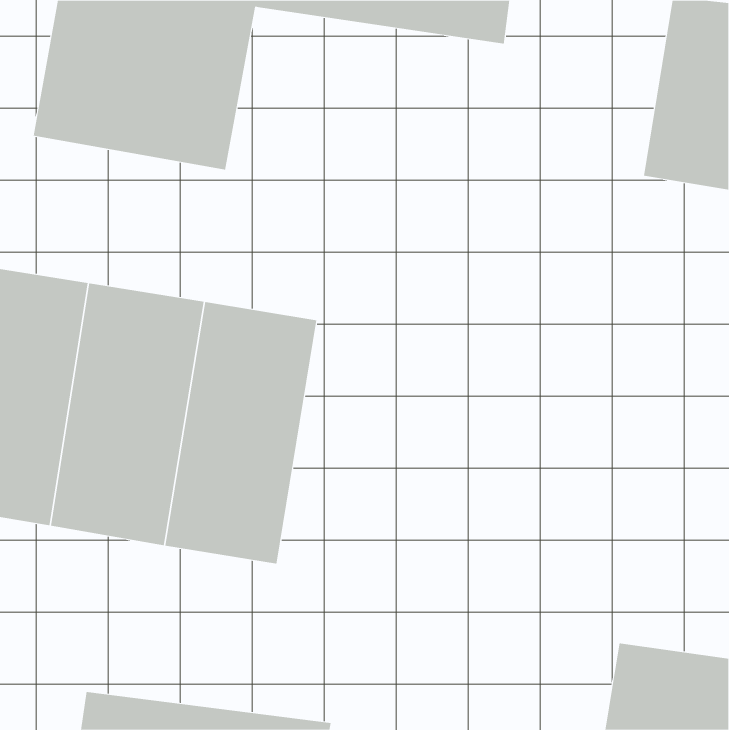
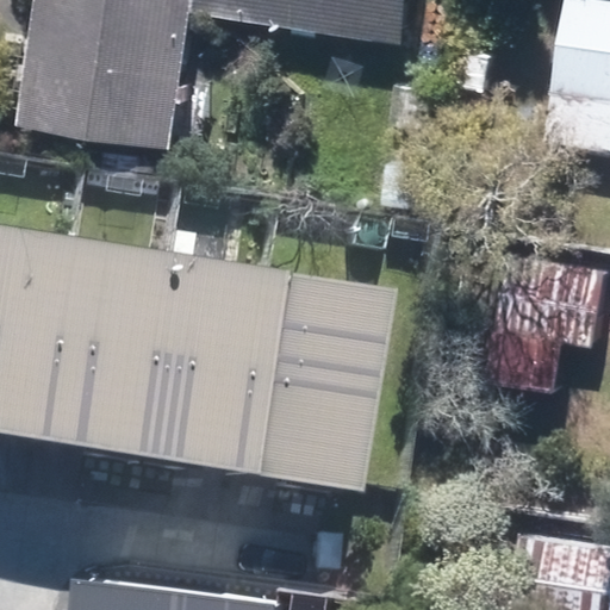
building: none -> [481,256,602,397]
building: none -> [231,267,397,492]

